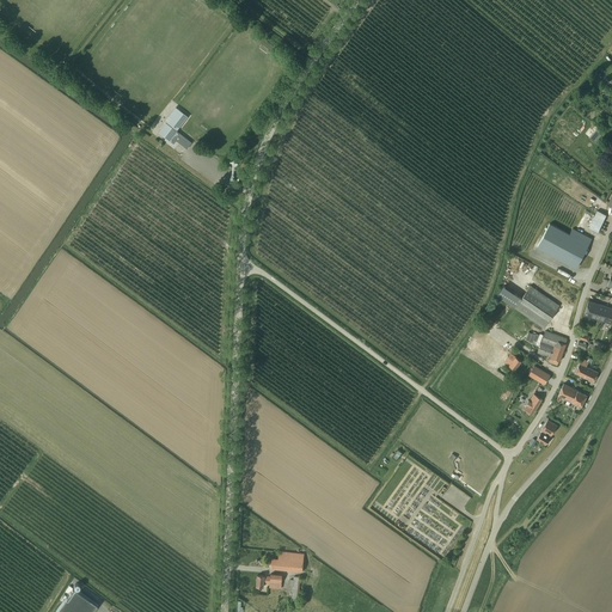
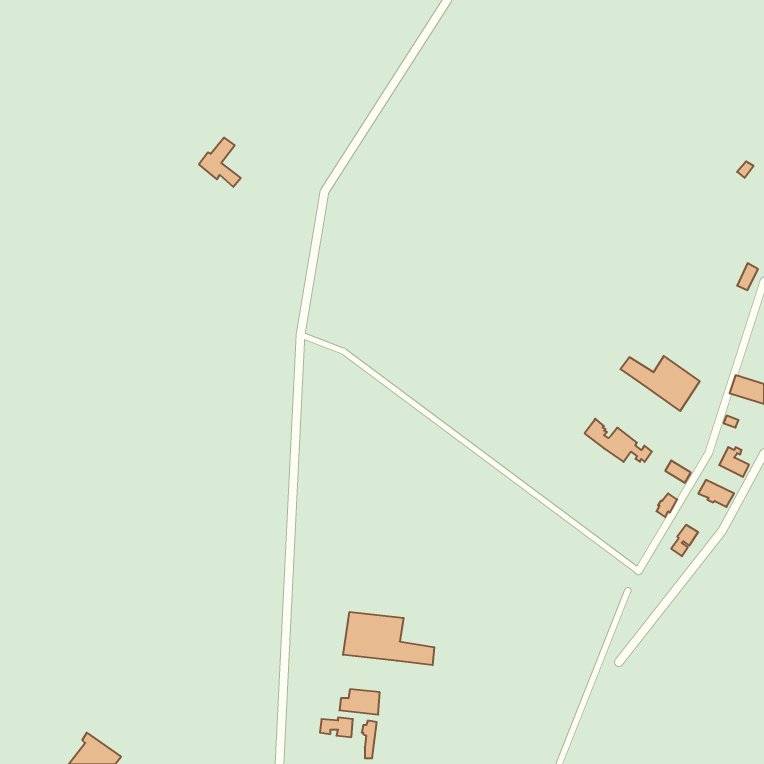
building: [537,224,592,268] -> none
building: [538,330,568,365] -> none
building: none -> [343,612,434,665]

